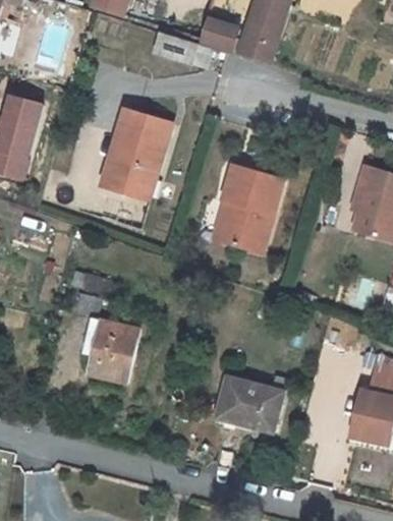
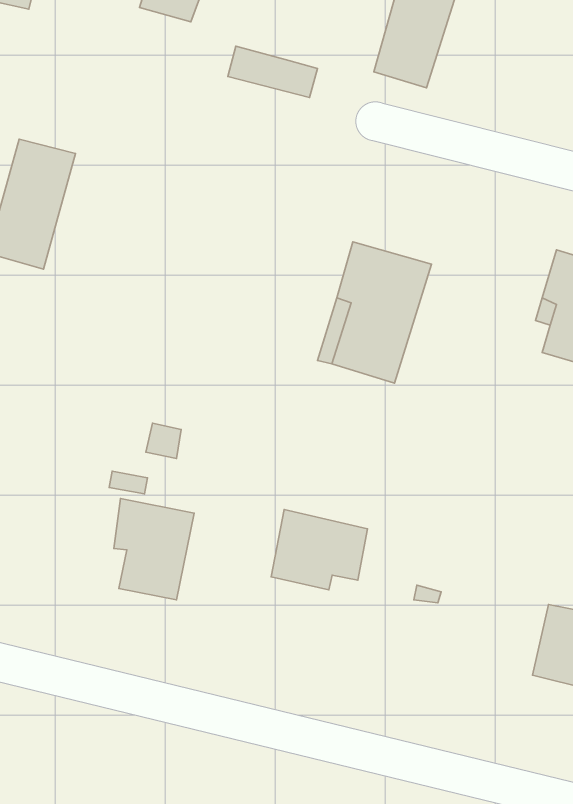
building: [203,12,242,48] -> none
building: [99,107,166,195] -> none
building: [217,379,278,429] -> [271,509,367,590]

